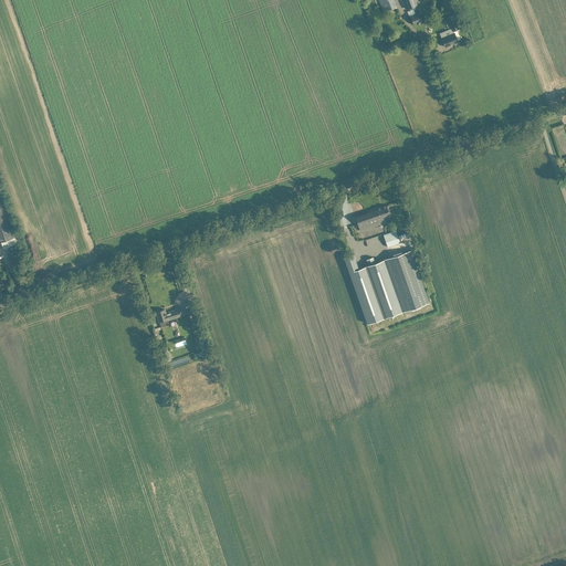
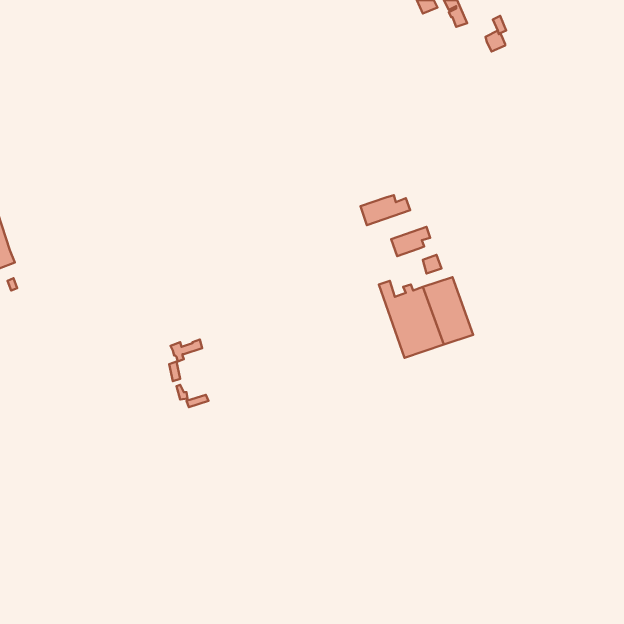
building: none -> [360,195,410,225]

